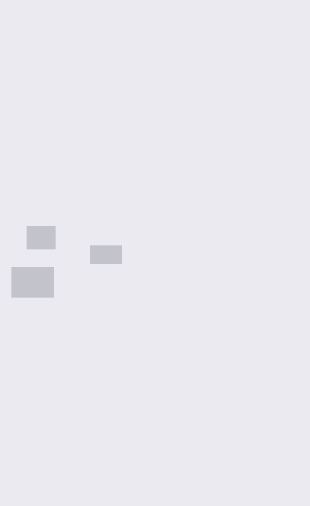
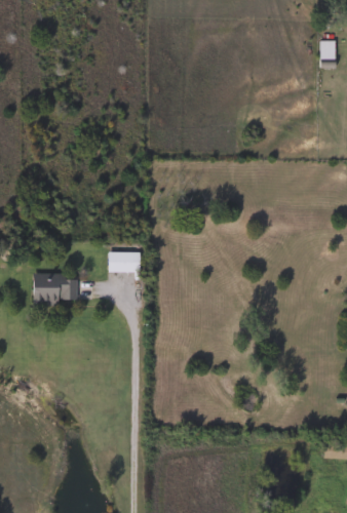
building: [26,225,57,250] -> none

